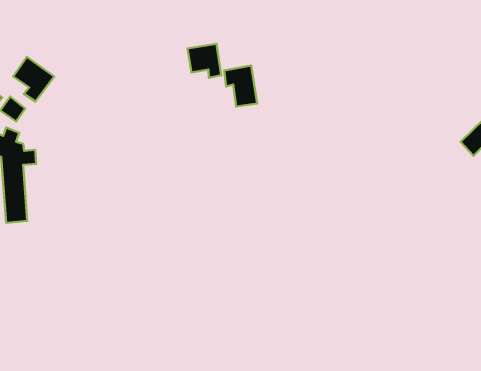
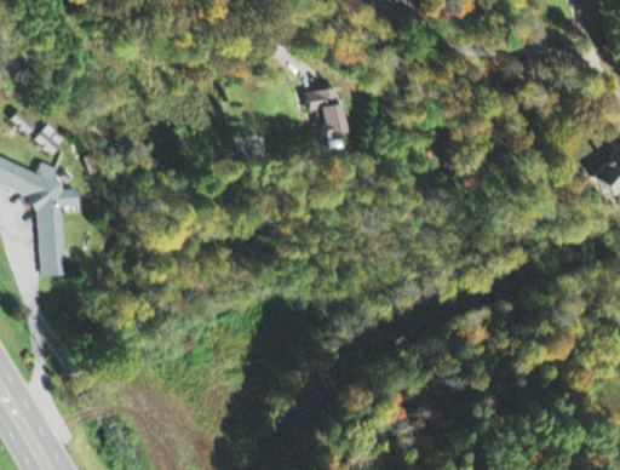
building: [188,44,221,78] -> none
building: [13,57,54,102] -> none

